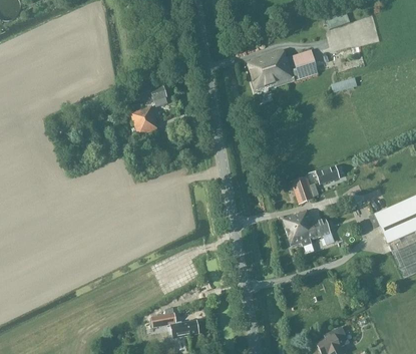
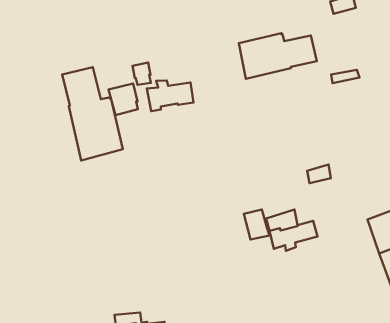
building: none -> [62,67,123,161]
building: none -> [147,80,194,111]
building: [290,175,315,204] -> [244,210,270,240]

